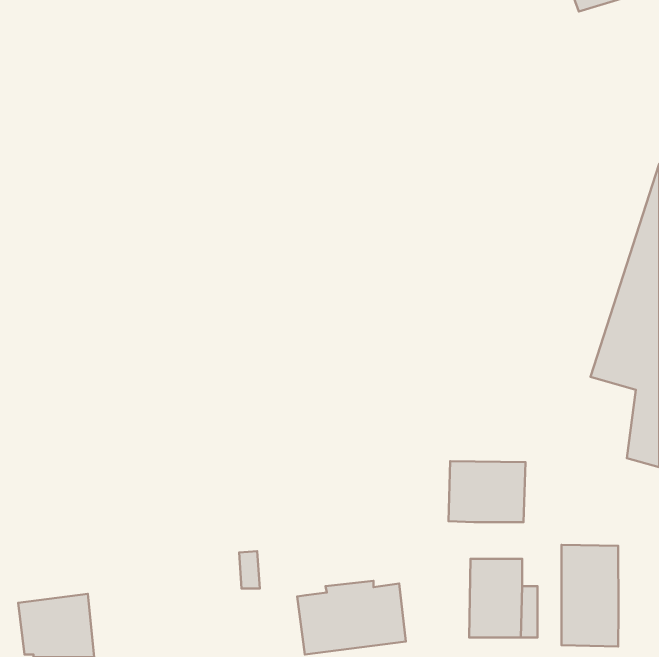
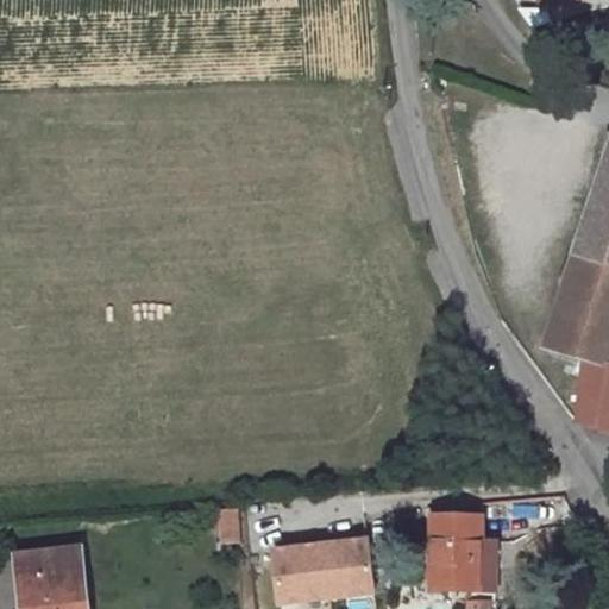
building: [448,461,525,522] -> none
building: [561,545,619,646] -> none

